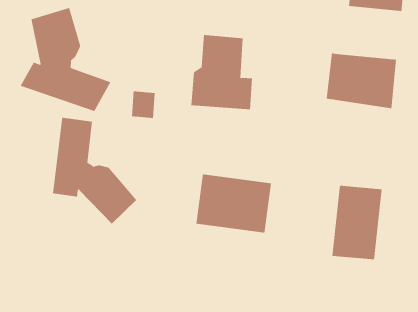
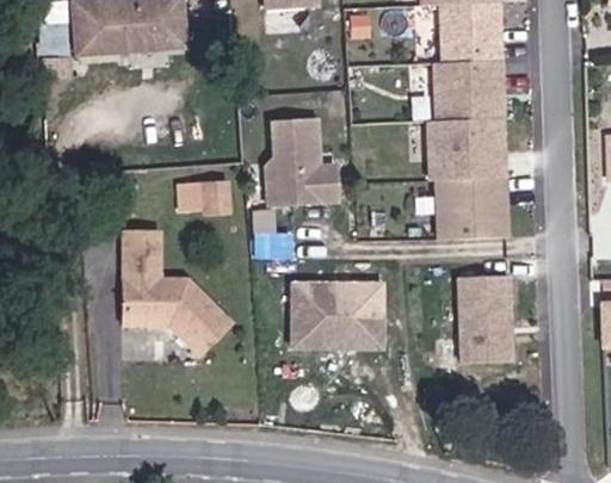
building: none -> [432,56,506,117]
building: [20,7,111,112] -> none
building: none -> [436,173,510,235]

